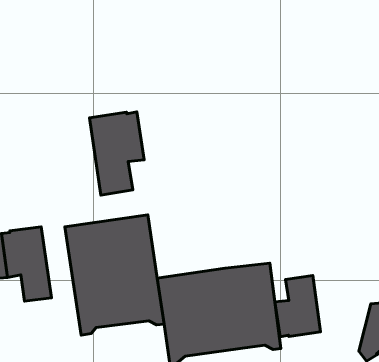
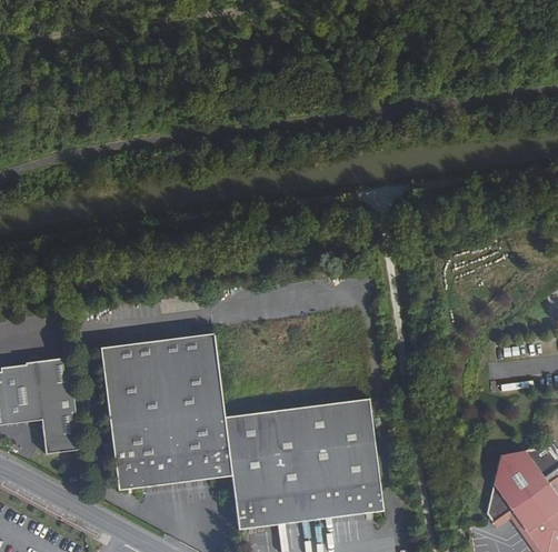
building: [89,112,144,195] -> none
building: [275,275,321,337] -> none

